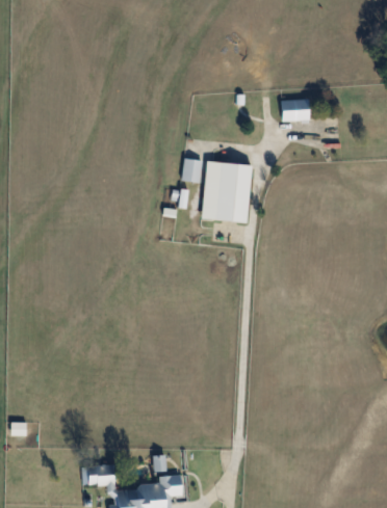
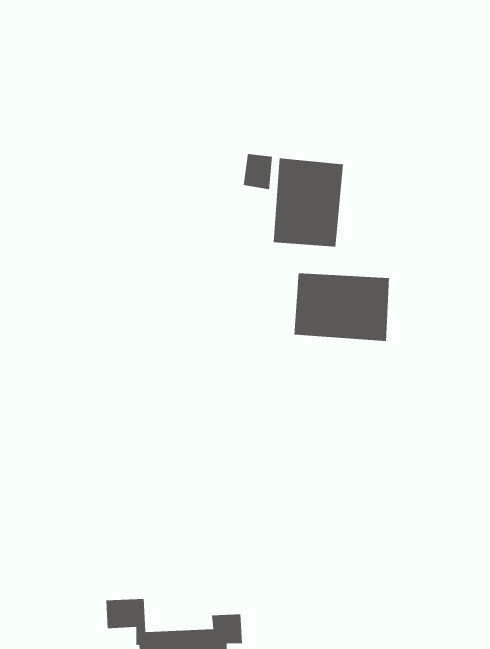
building: [282,100,309,122] -> none
building: none -> [294,273,390,342]

